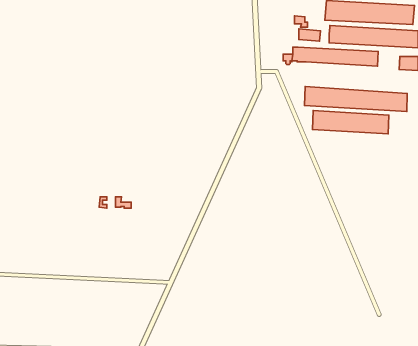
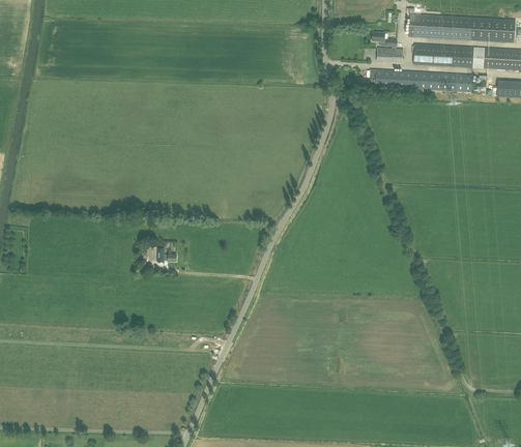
building: [305,87,407,111] -> none
building: [313,110,389,134] -> none

